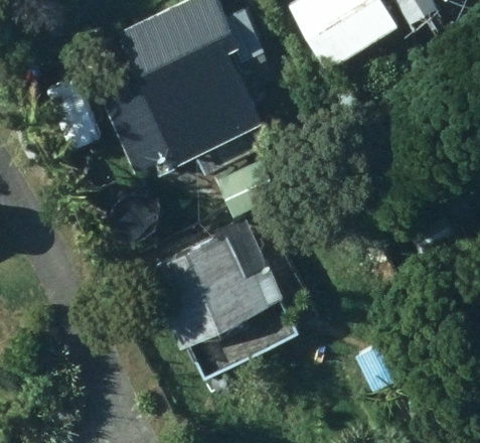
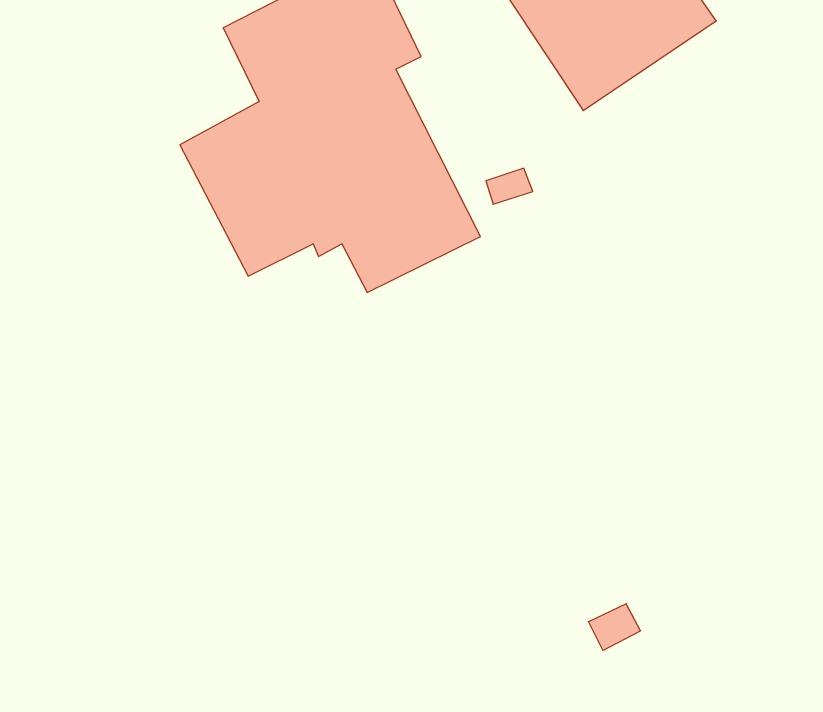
building: [147,223,300,377] -> none

